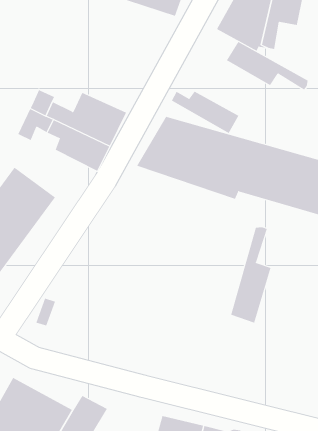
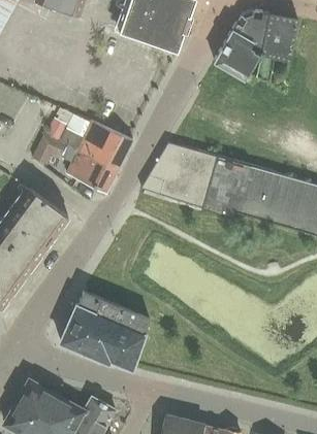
building: [226,41,308,90] -> none
building: [171,91,239,134] -> none
building: [230,226,271,323] -> none
building: none -> [60,291,148,367]

